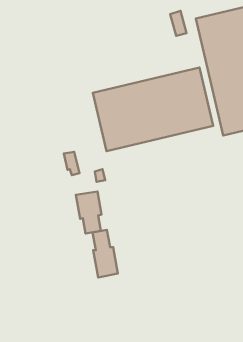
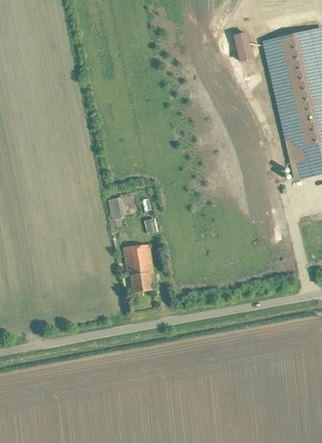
building: [93,68,213,151] -> none
building: [93,230,118,277] -> none

